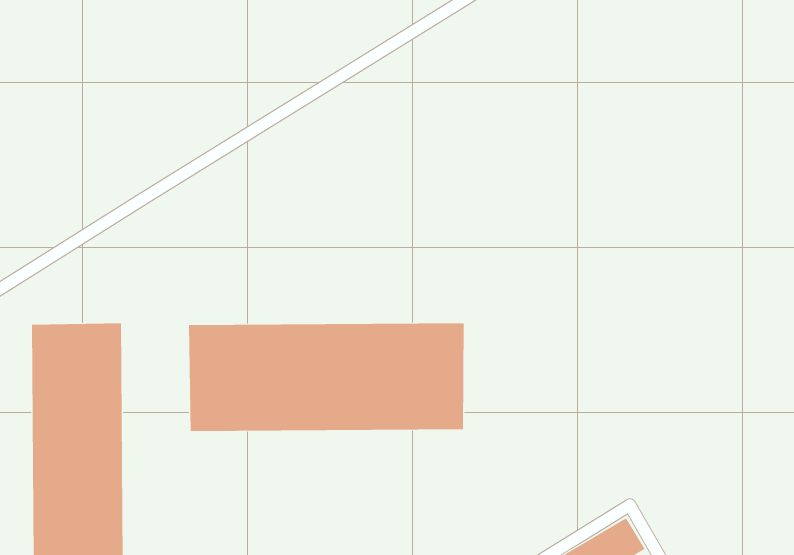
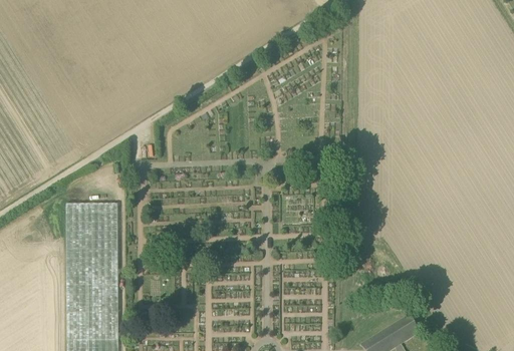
building: [189,323,464,432] -> none

